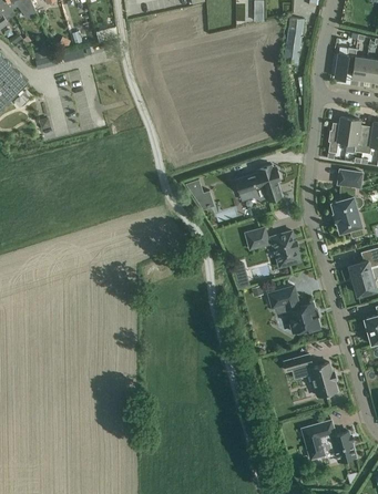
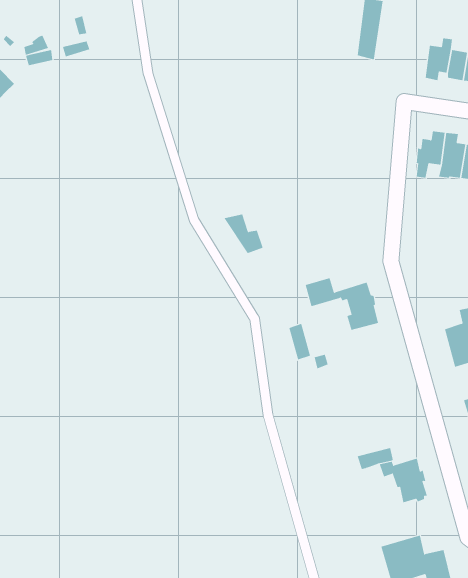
building: [235,165,282,202] -> none
building: [330,169,362,231] -> none
building: [268,286,319,332] -> none

